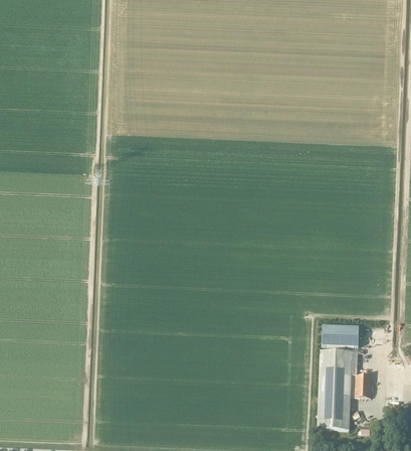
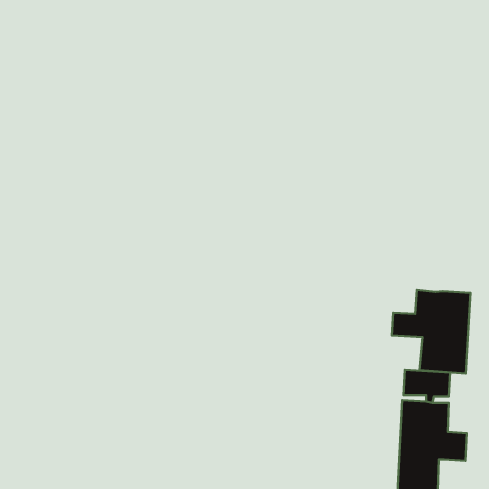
building: none -> [392,290,470,374]

